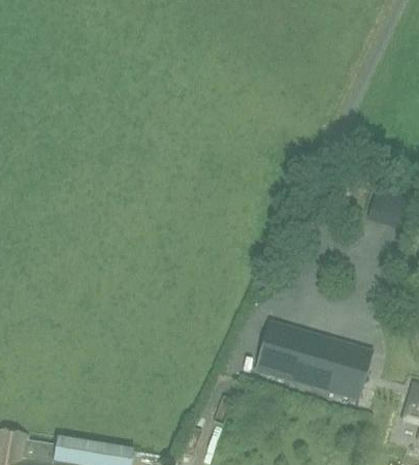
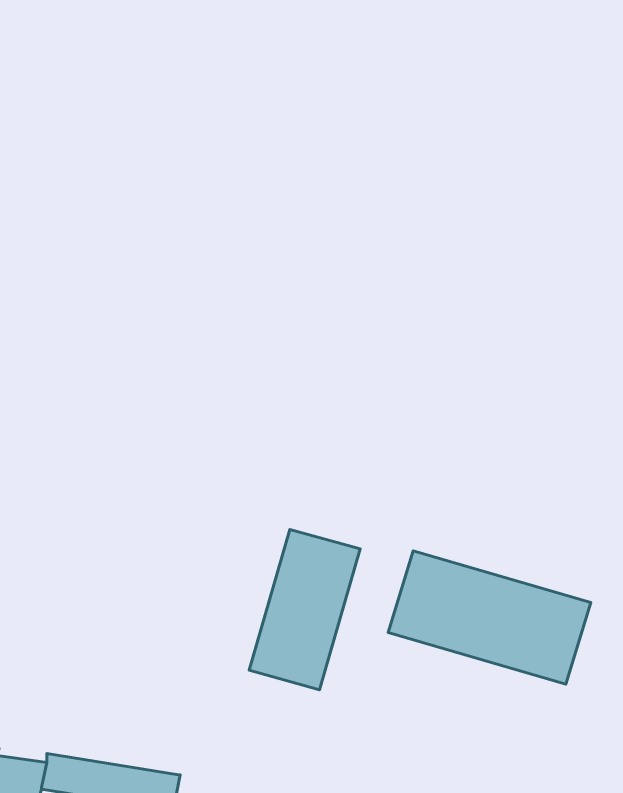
building: none -> [249,529,360,690]

